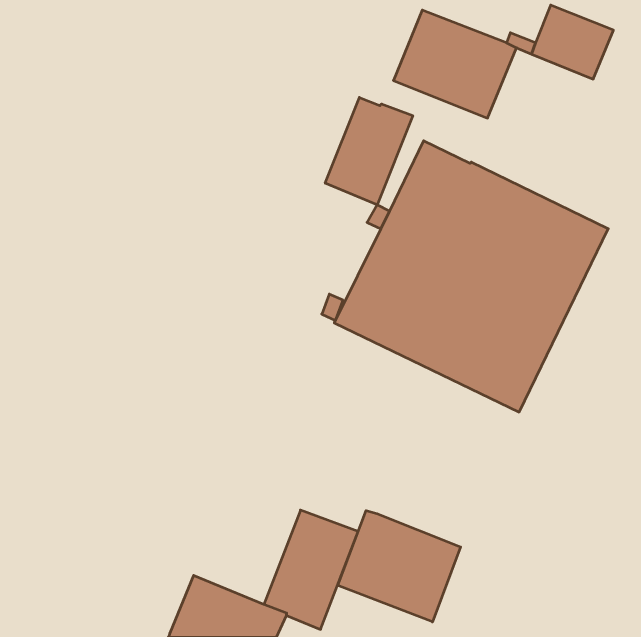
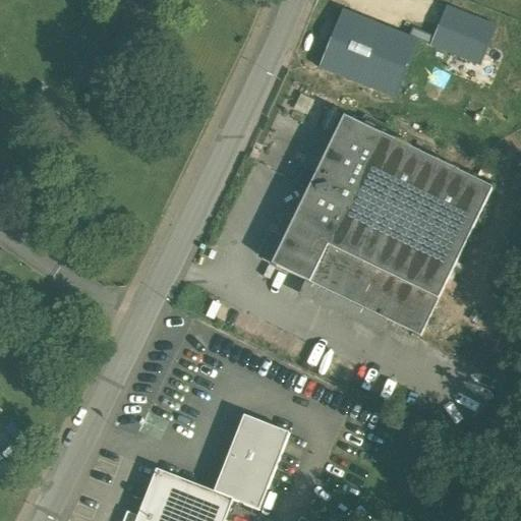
building: [325,97,413,205] -> none
building: [338,511,461,622] -> none

